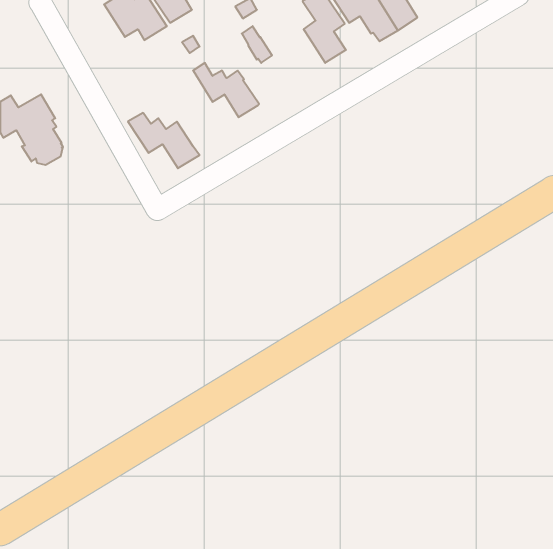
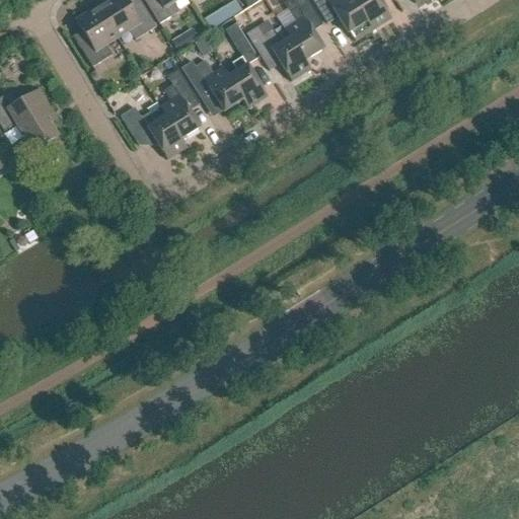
building: none -> [76,4,118,64]
building: none -> [246,24,311,79]
building: none -> [228,55,268,106]
building: none -> [160,68,200,137]

